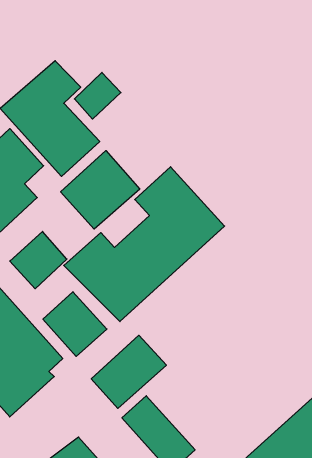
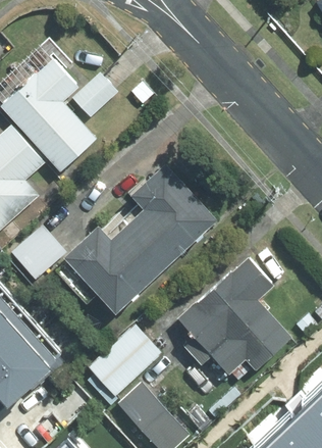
building: [61,151,140,229] -> none
building: none -> [176,259,291,383]
building: [43,292,107,356] -> none

